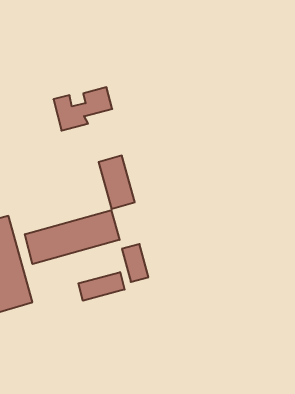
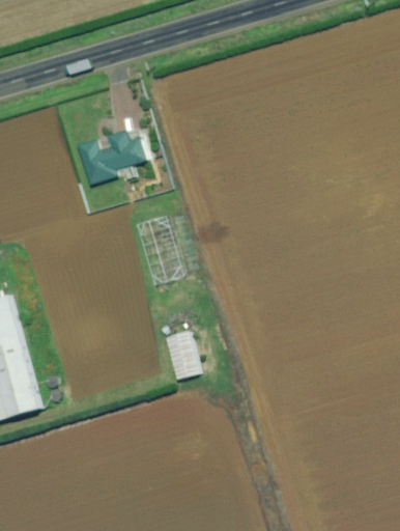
building: [25,210,120,264] -> none
building: [78,272,125,301] -> none

